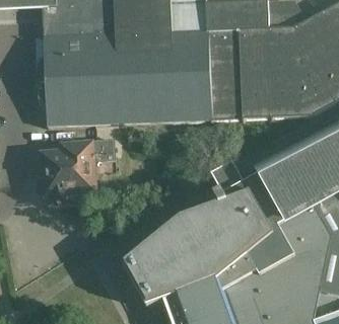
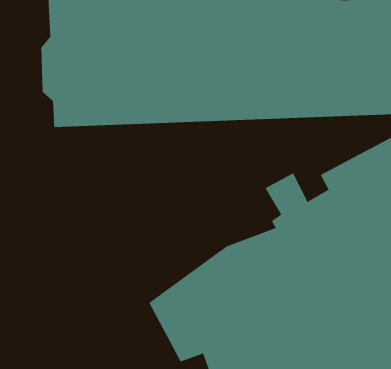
building: [37,137,113,205] -> none

